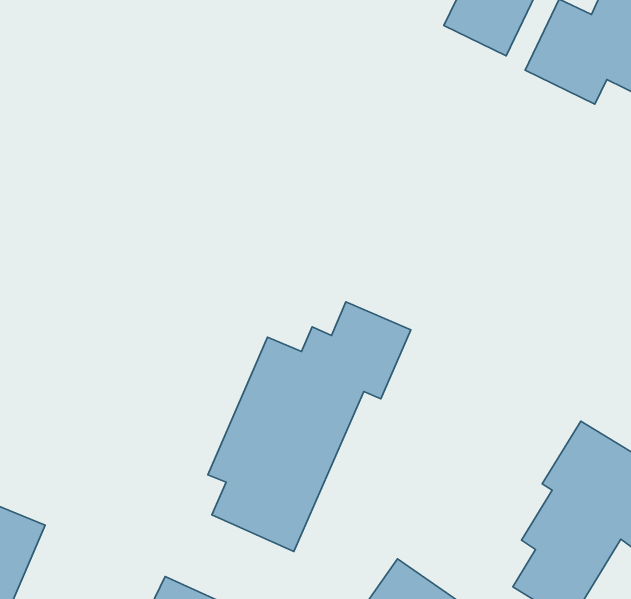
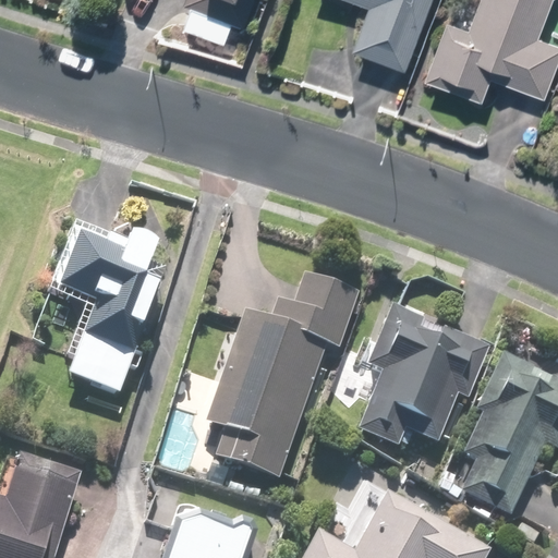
building: none -> [52,228,168,397]
building: none -> [356,308,487,449]

